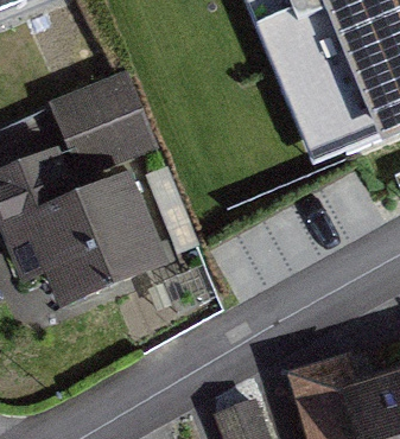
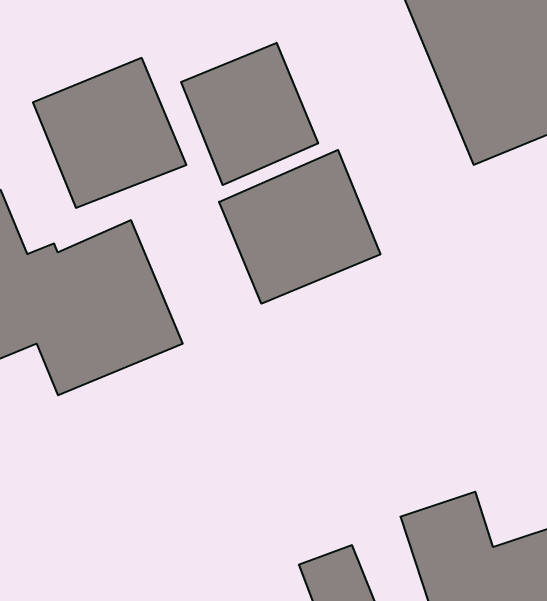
building: none -> [181,43,318,185]
building: none -> [219,150,380,304]

